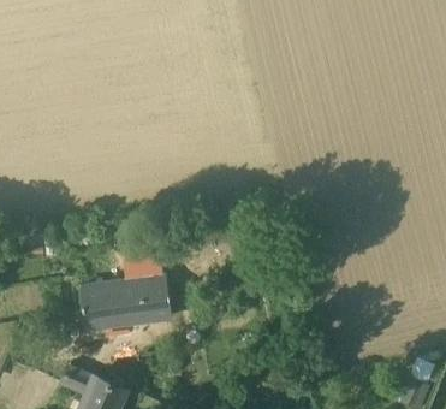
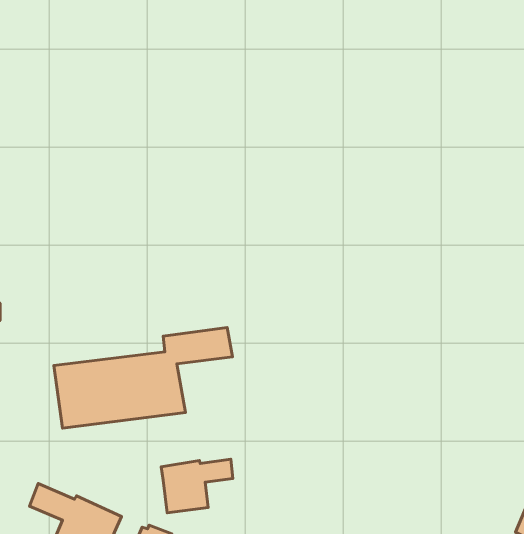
building: none -> [161,459,233,513]

